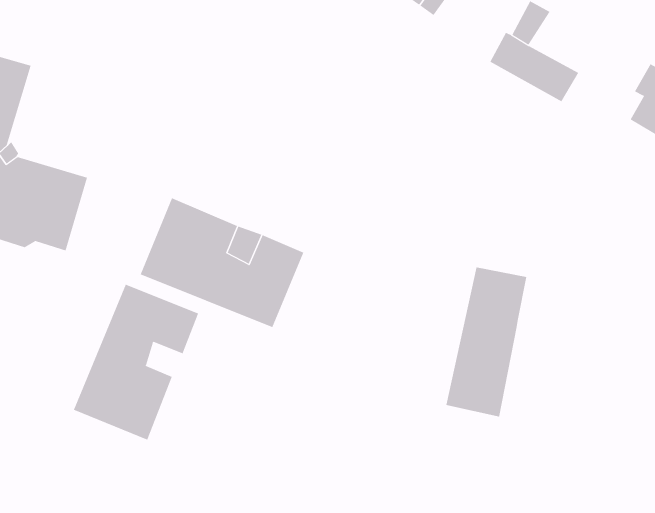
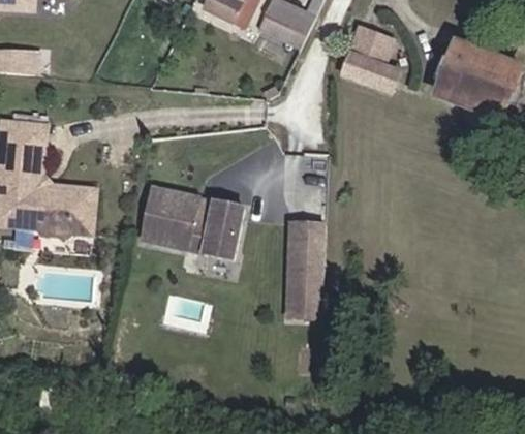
building: [445,267,527,417] -> [284,229,323,323]
building: [73,284,199,440] -> none

